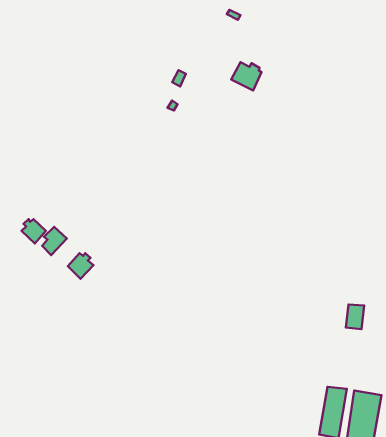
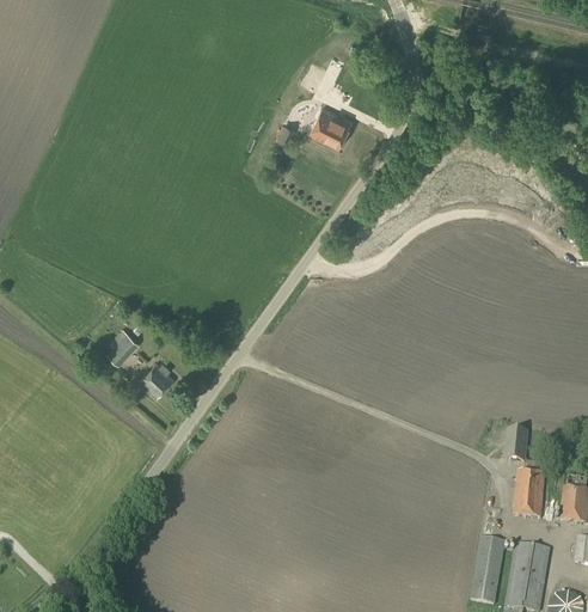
building: [231,62,261,91] -> [311,109,350,146]
building: [21,219,46,244] -> none
building: none -> [513,460,547,516]

